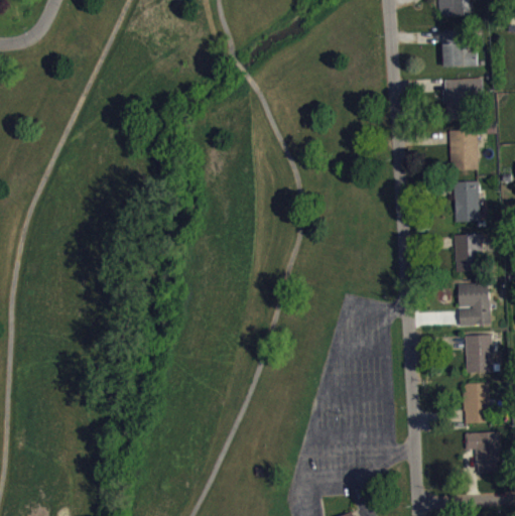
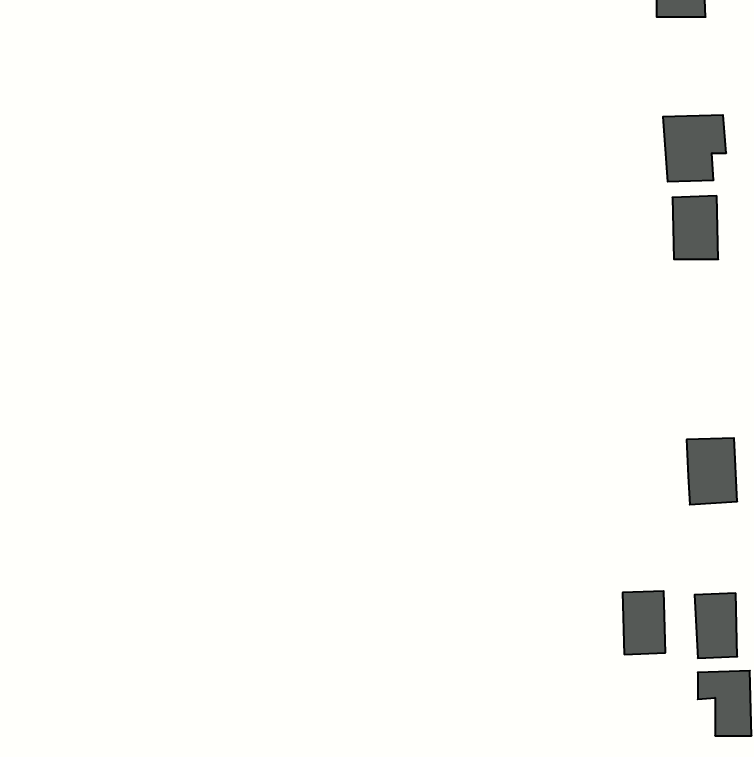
building: [442,28,477,67] -> none
building: [454,180,479,222] -> none
building: [454,234,482,271] -> none
building: [465,332,492,372] -> [623,591,665,654]

